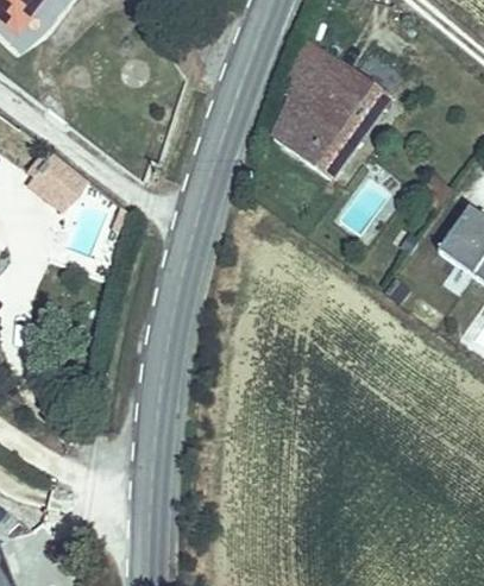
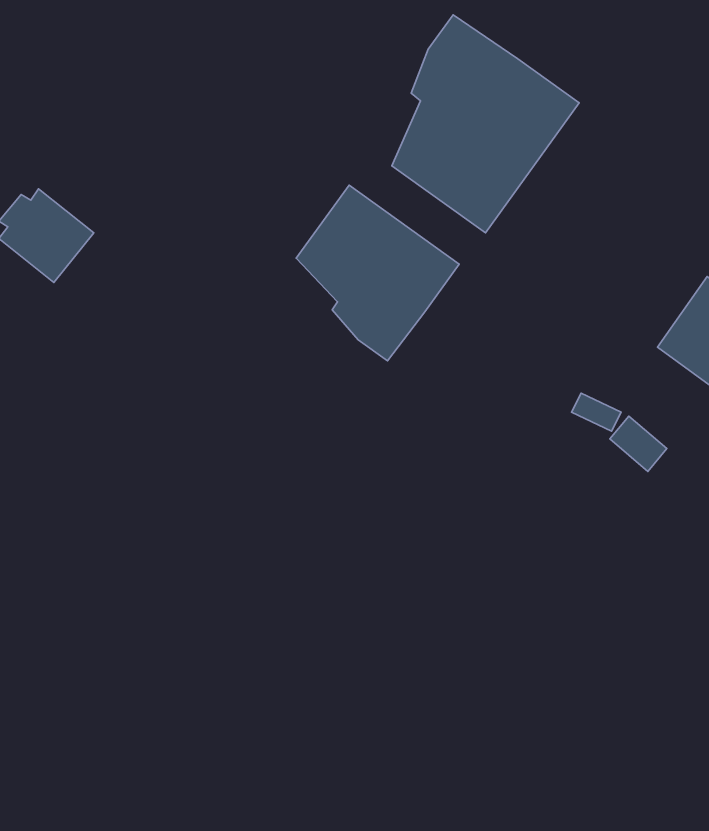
building: none -> [296,185,459,361]

